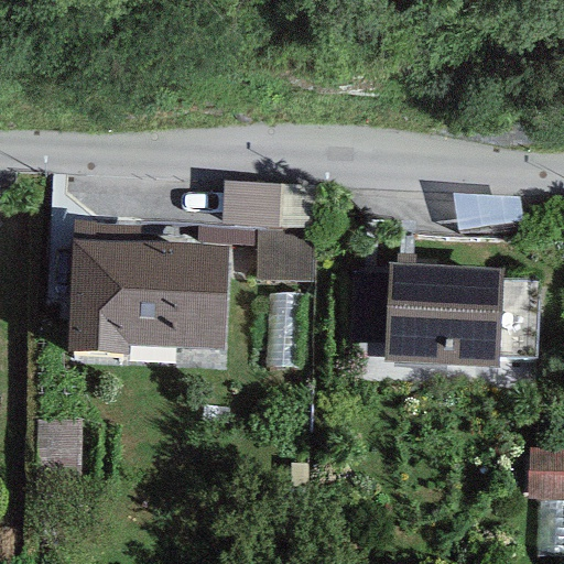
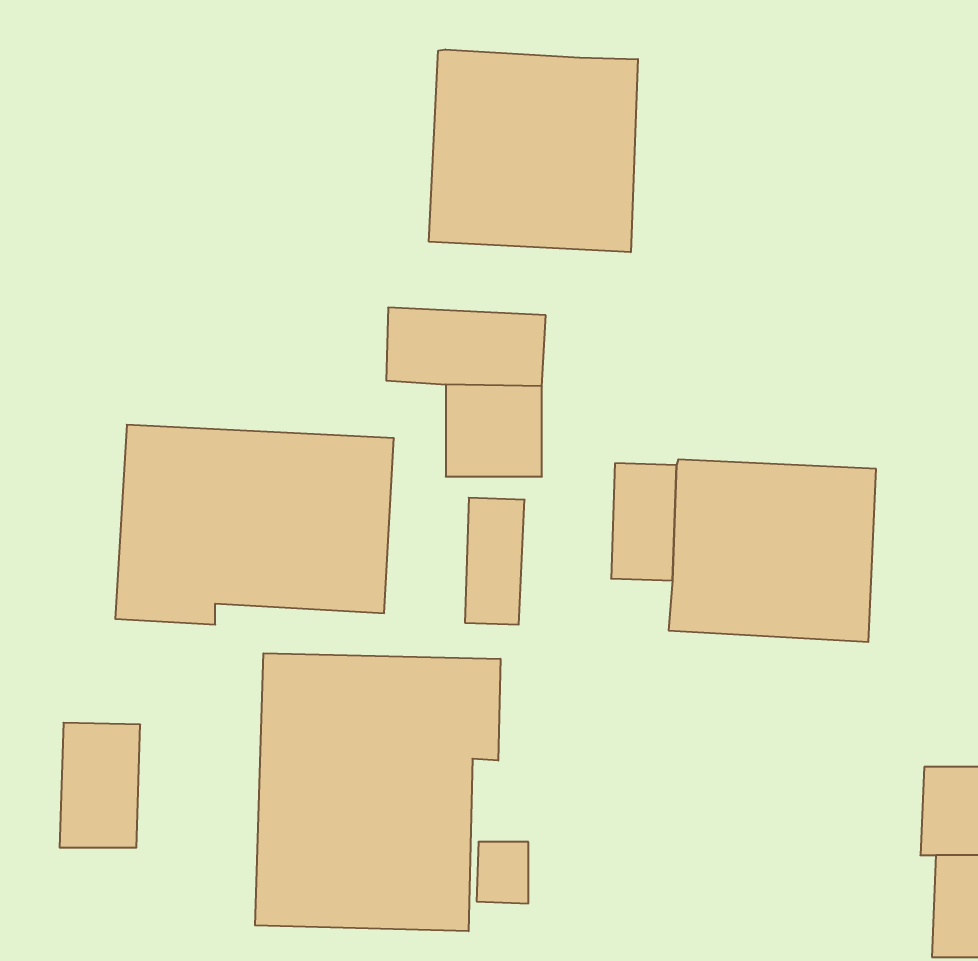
building: none -> [429,49,638,252]
building: none -> [255,653,500,931]

